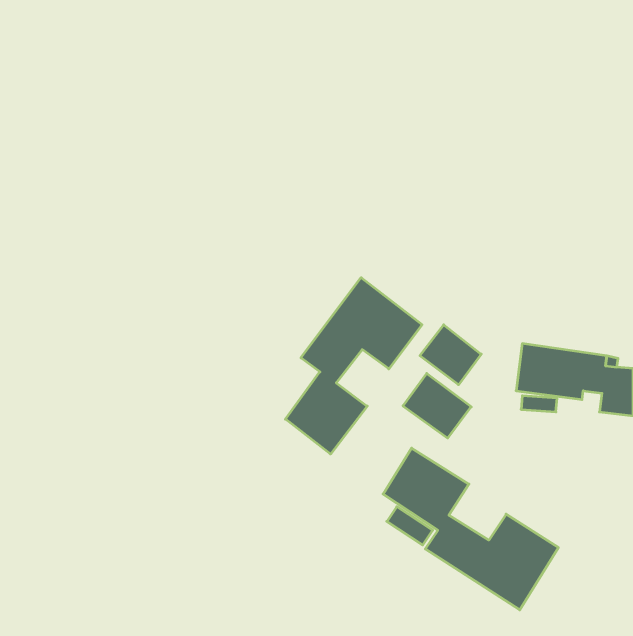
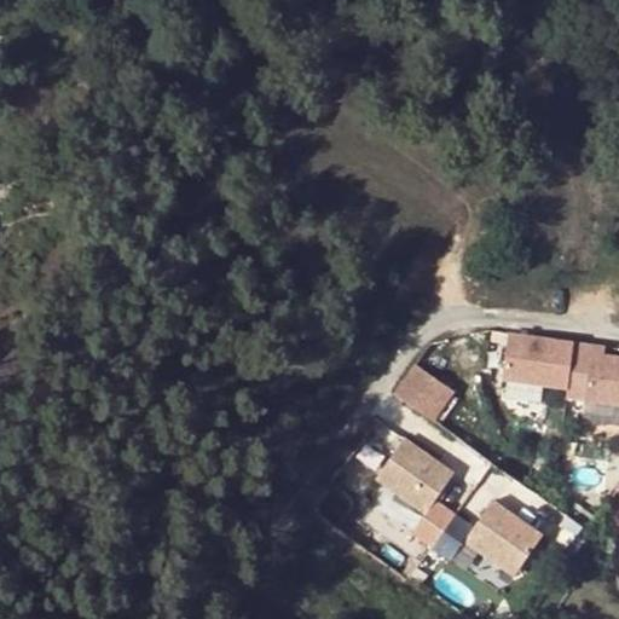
building: [285,278,422,454] -> none
building: [420,325,481,385] -> none

